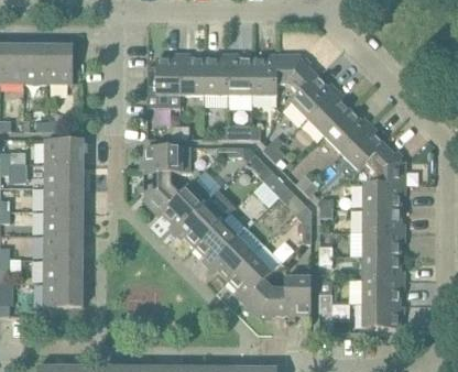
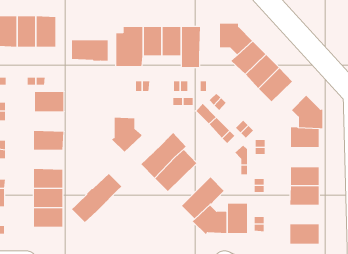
building: [251,57,276,94] -> none
building: [340,125,383,168] -> none
building: [144,145,190,172] -> [71,40,109,61]
building: [44,163,83,187] -> none
building: [157,166,223,228] -> [69,173,122,223]
building: [363,207,400,231] -> none
building: [44,210,81,234] -> none
building: [211,227,264,280] -> none
building: [362,278,400,302] -> none

